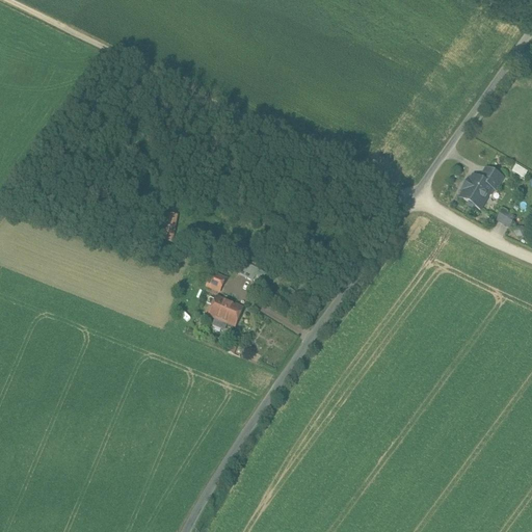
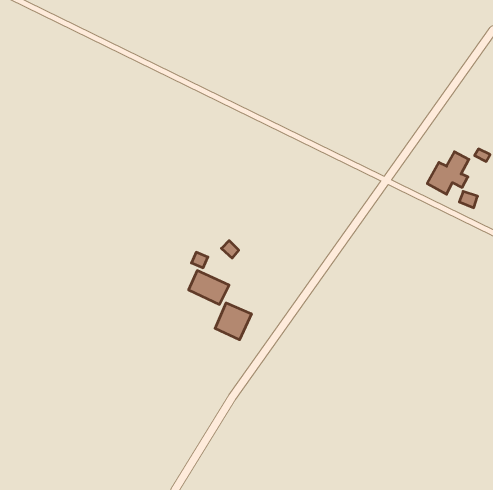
building: none -> [215,303,251,340]

